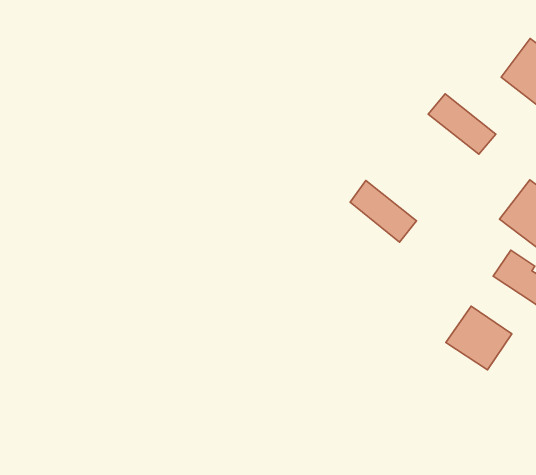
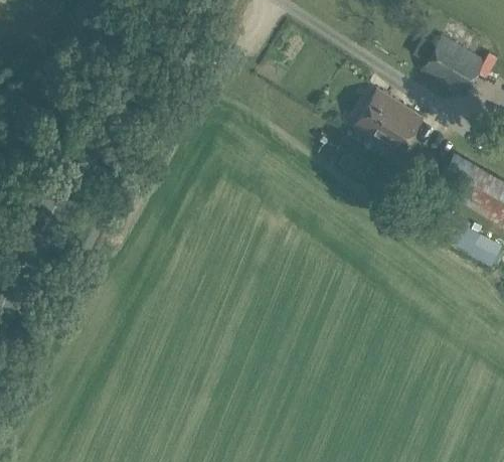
building: [350,181,417,242] -> [356,109,412,156]
building: [446,306,512,370] -> none

